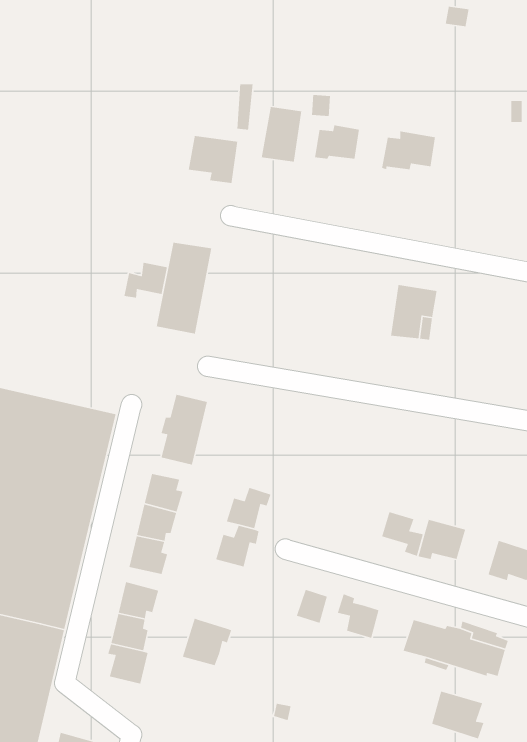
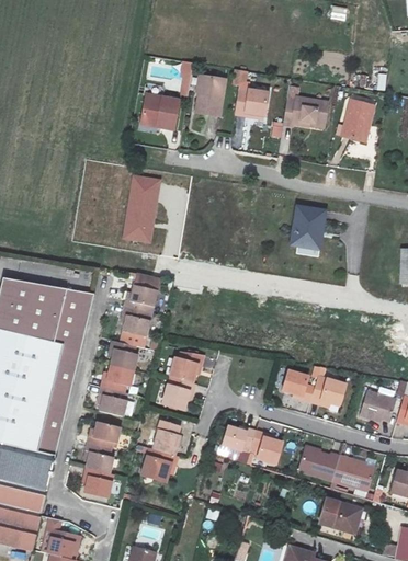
building: none -> [341,101,373,141]
building: [123,262,168,298] -> none
building: none -> [151,420,178,454]

